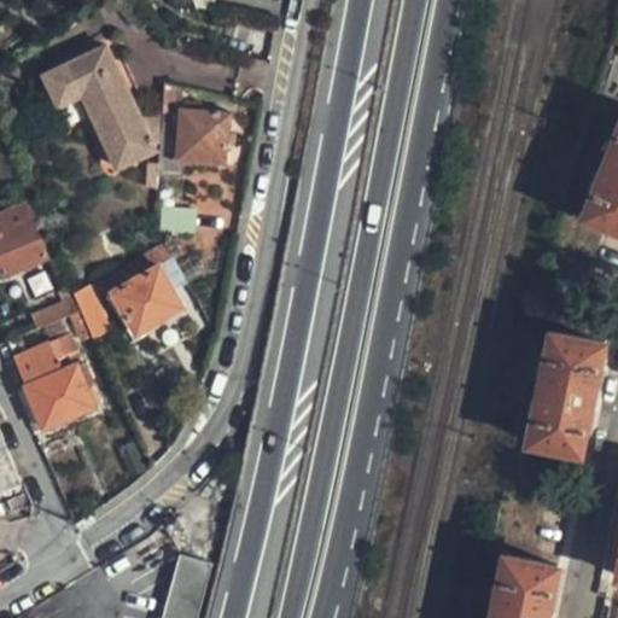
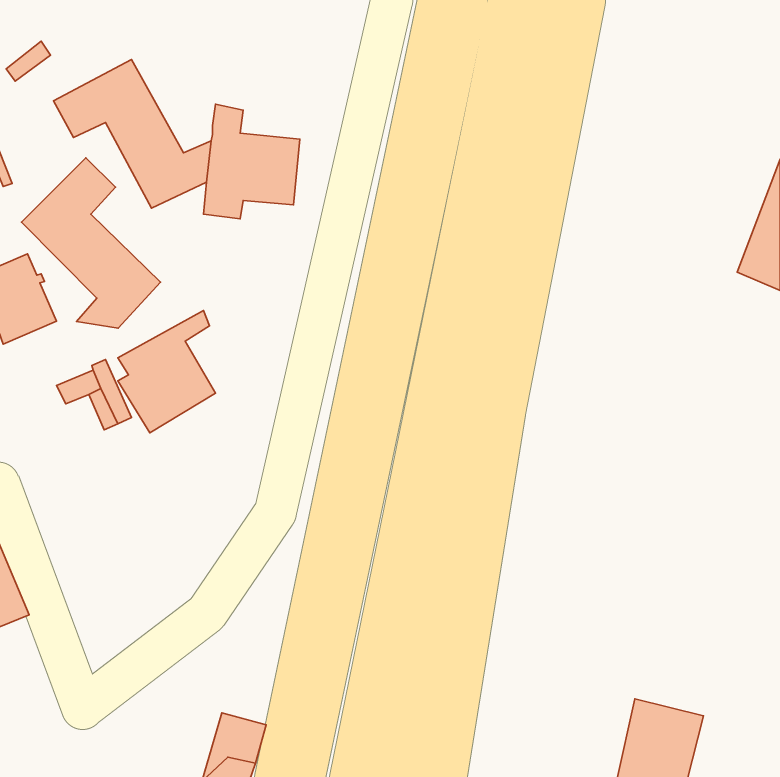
building: none -> [22,158,161,328]
building: [8,331,97,430] -> none
building: [526,333,602,454] -> none

